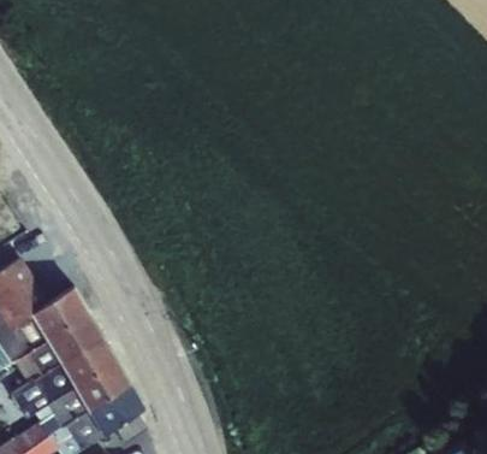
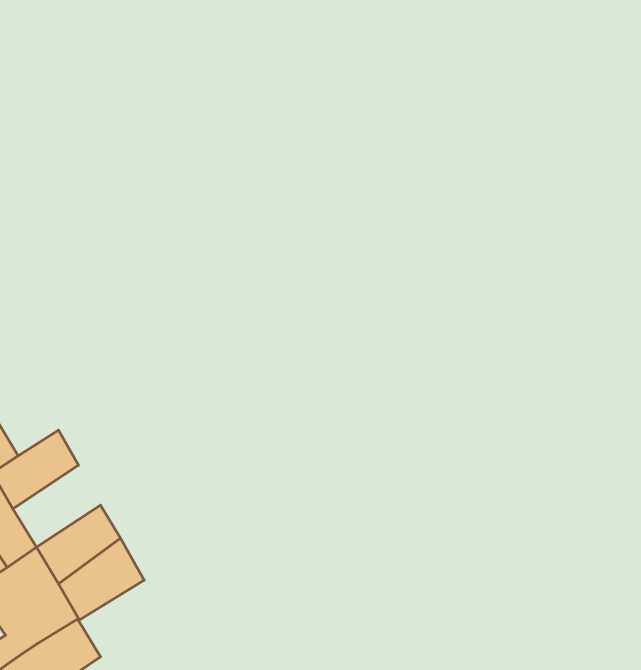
building: [41,309,99,364] -> none
building: [84,385,142,436] -> none

